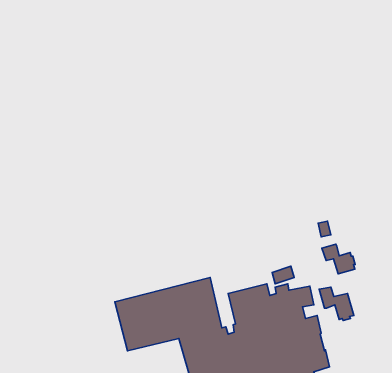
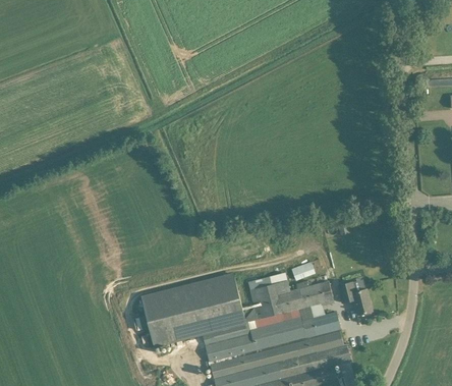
building: [322,244,355,274] -> none

